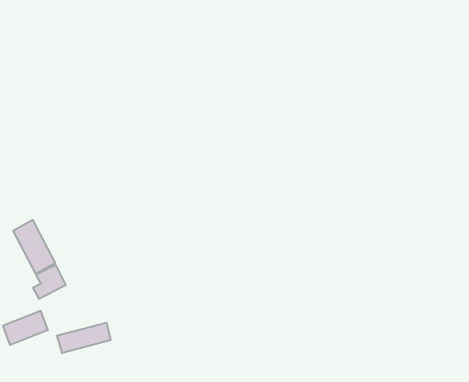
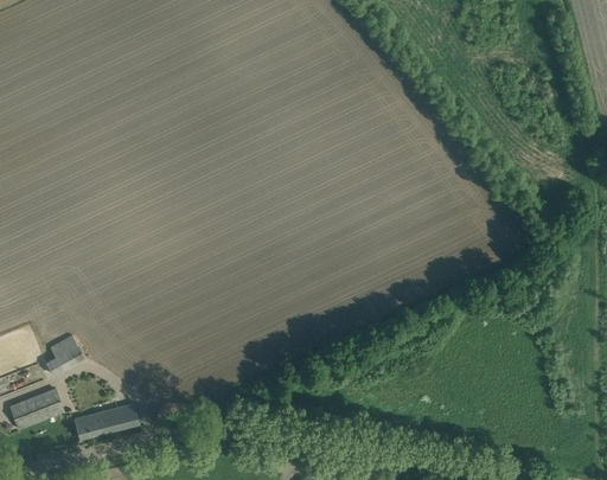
building: [13,220,55,274] -> none

